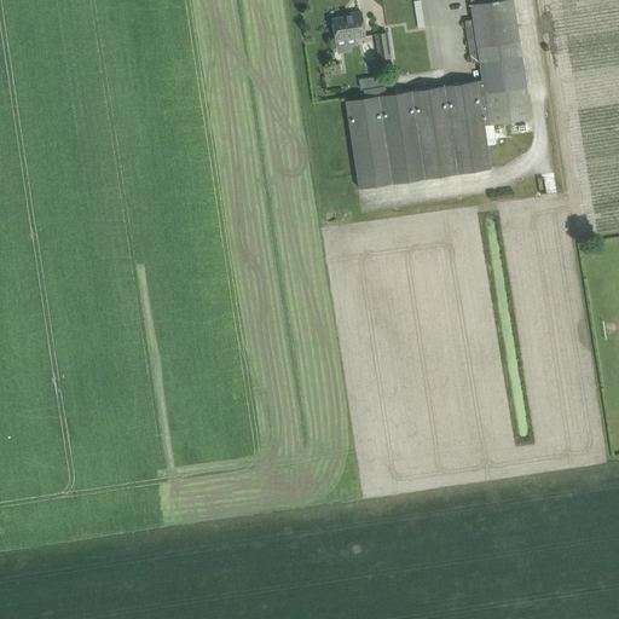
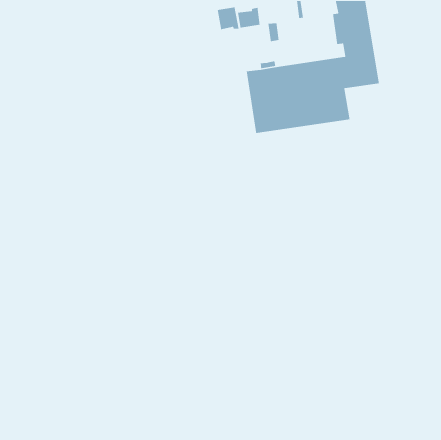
building: none -> [217,7,239,30]

